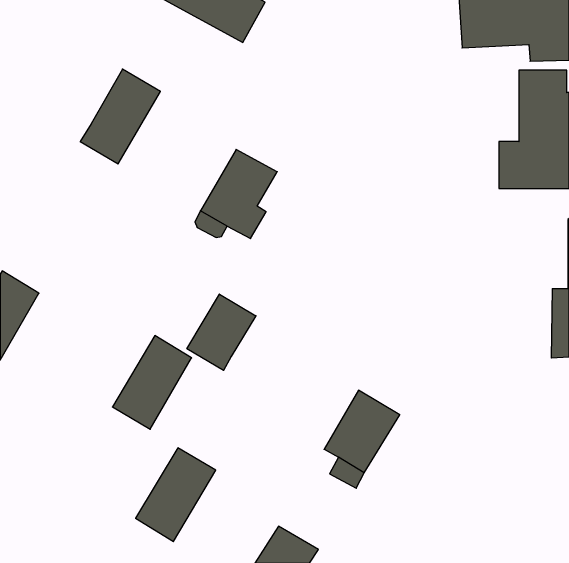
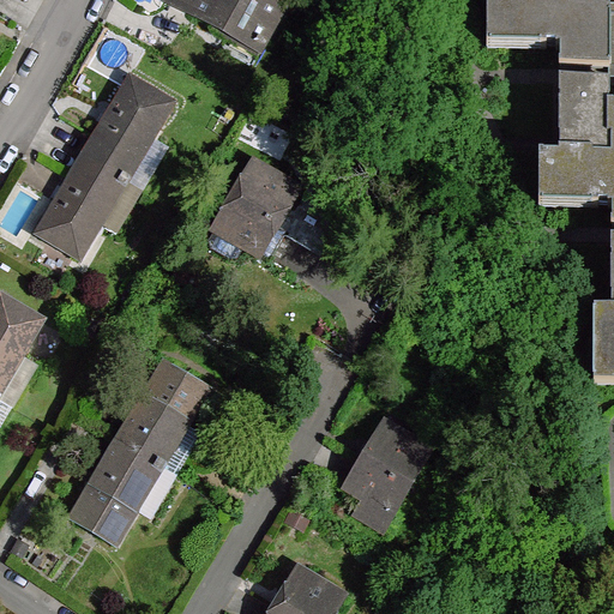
building: none -> [41,152,127,253]
building: [187,294,256,370] -> none
building: [136,448,216,542] -> [76,438,162,538]

